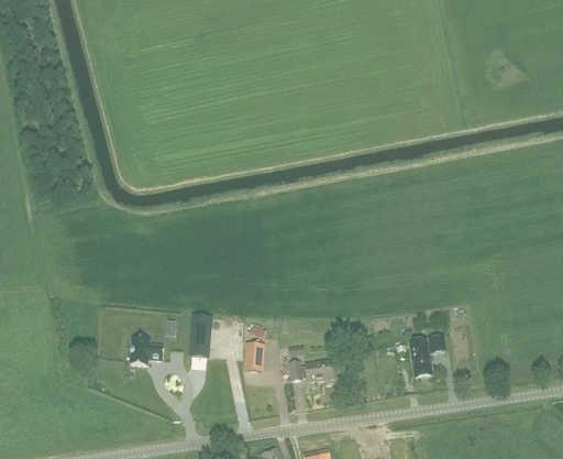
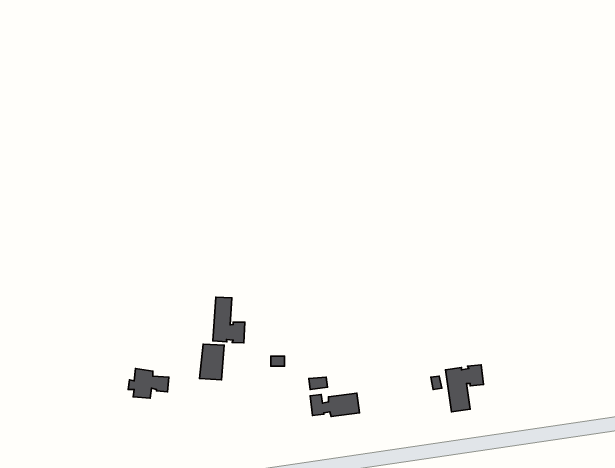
building: none -> [213,297,245,343]
building: [244,341,264,370] -> none

